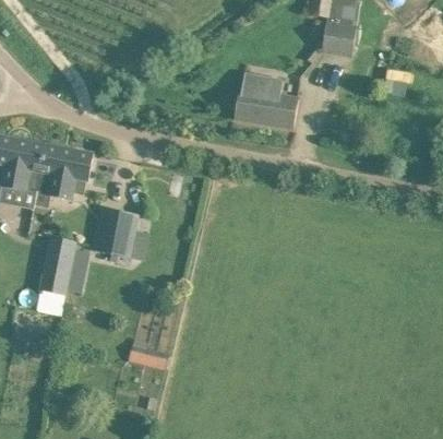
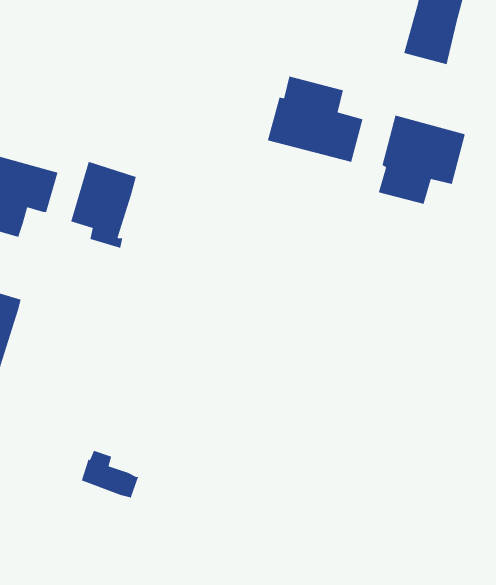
building: none -> [378,115,466,205]
building: [95,206,137,264] -> [70,161,137,249]

